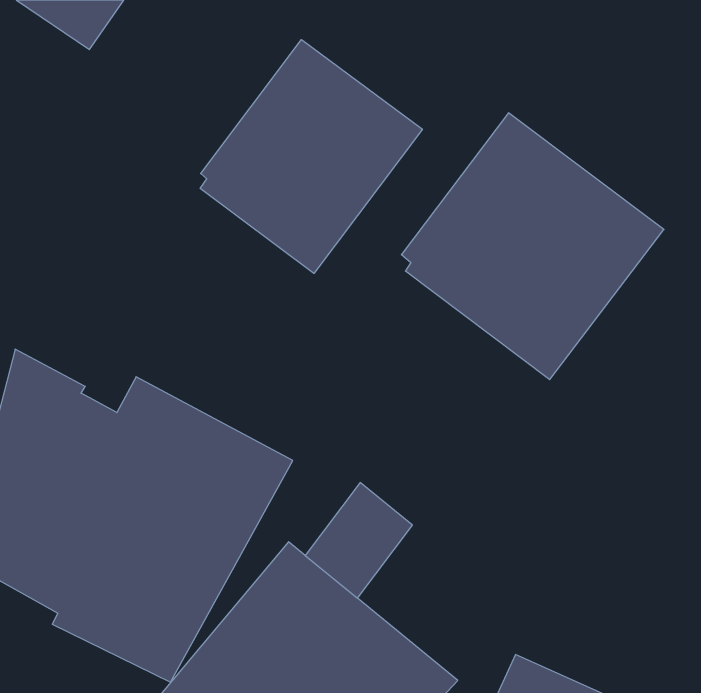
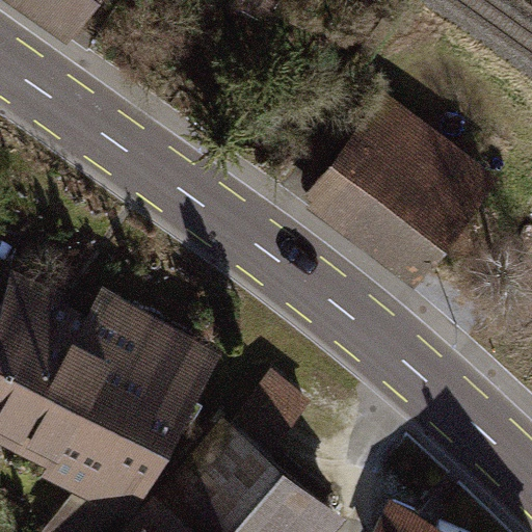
building: [200,40,422,273] -> none

